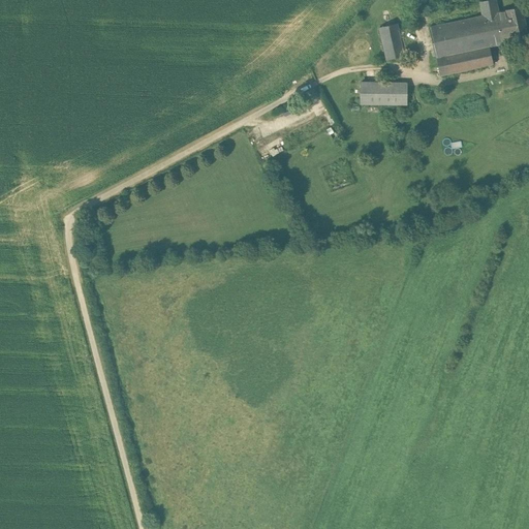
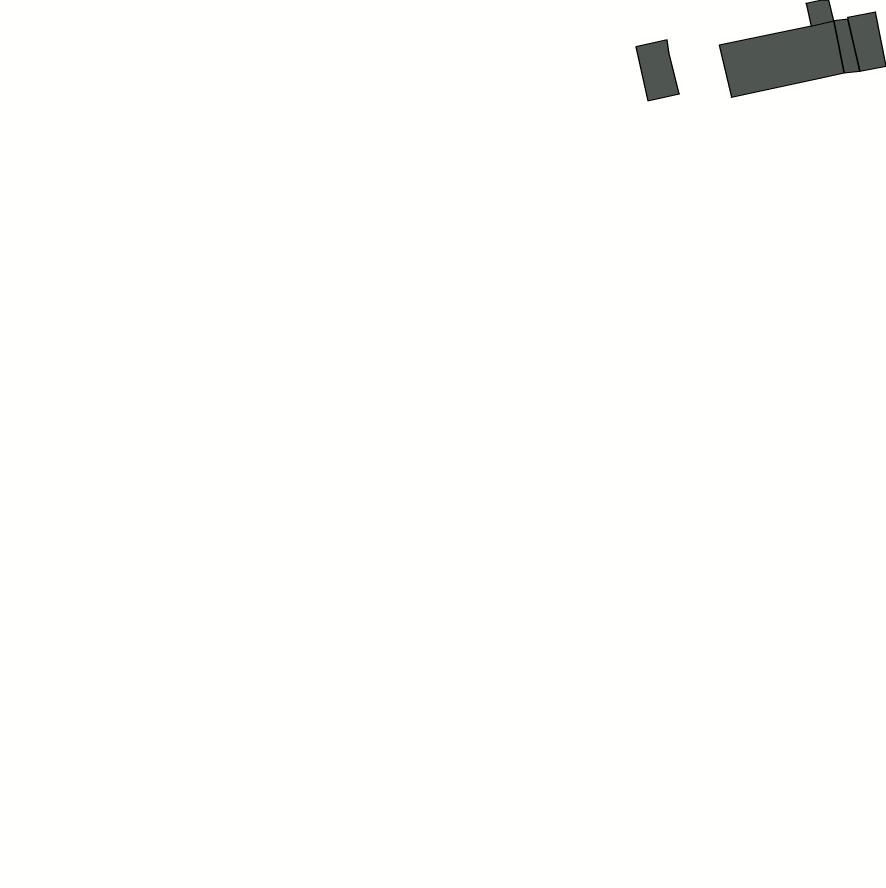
building: [435,46,492,75] -> none
building: [359,83,406,104] -> none

